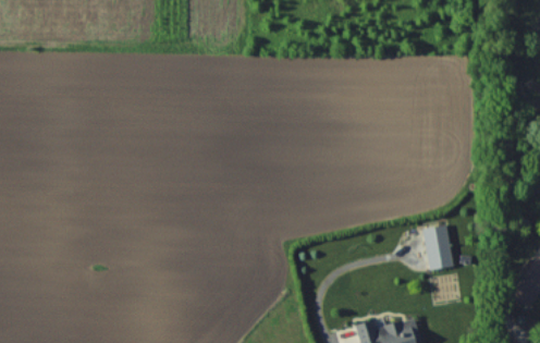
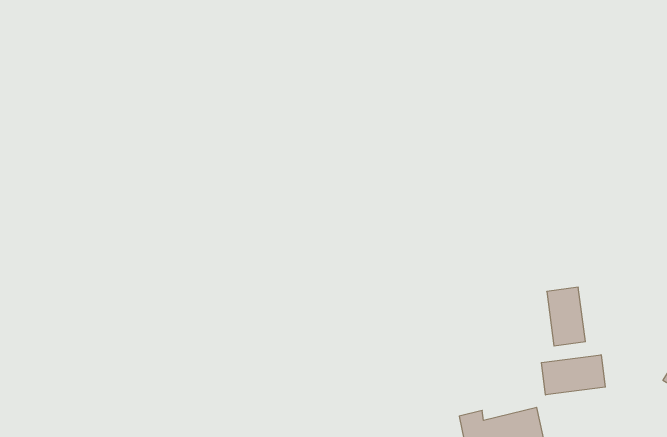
building: none -> [541,355,605,395]

